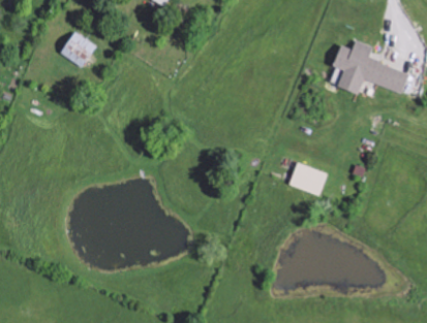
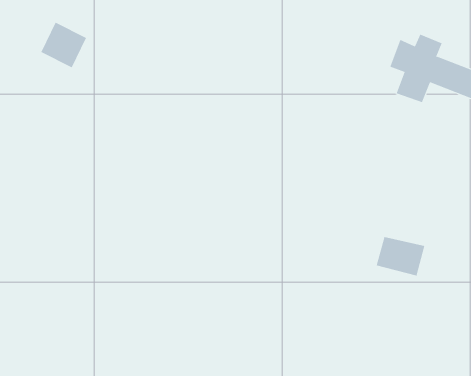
building: [289,164,328,195] -> [376,236,425,276]

